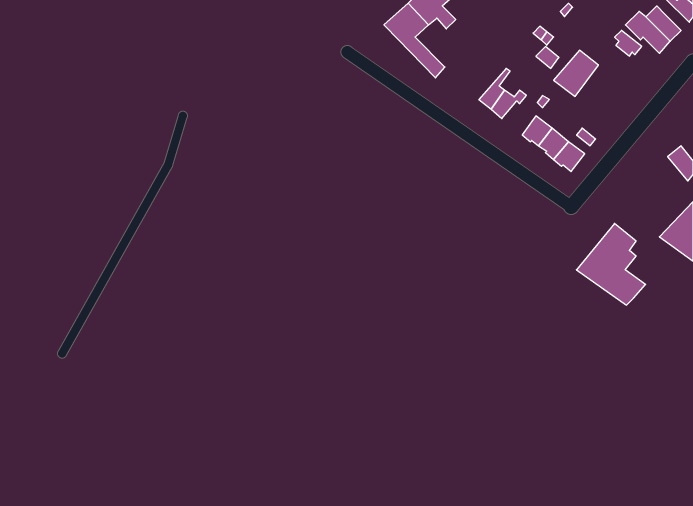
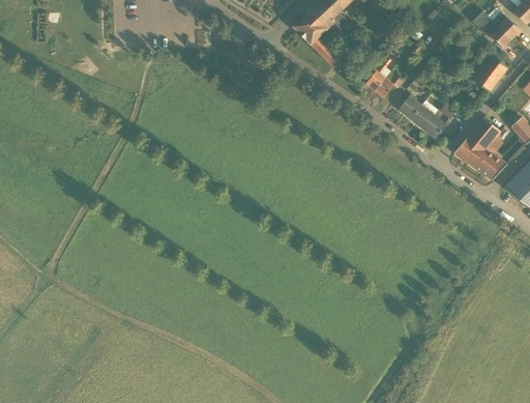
building: [554,50,598,96] -> [473,56,507,91]
building: [576,223,646,305] -> [453,118,506,180]

